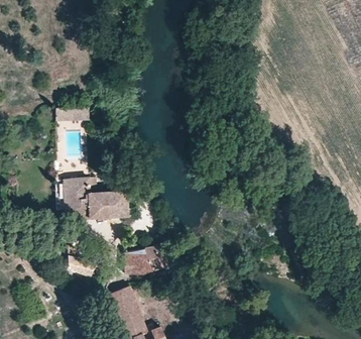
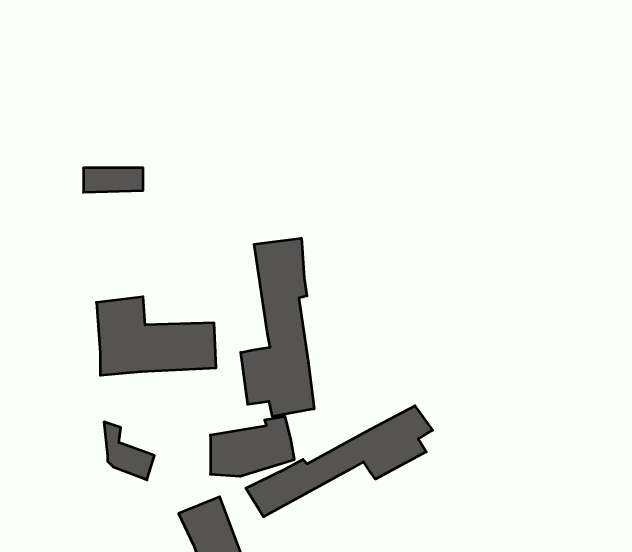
building: none -> [241,238,314,417]
building: none -> [246,406,433,517]

